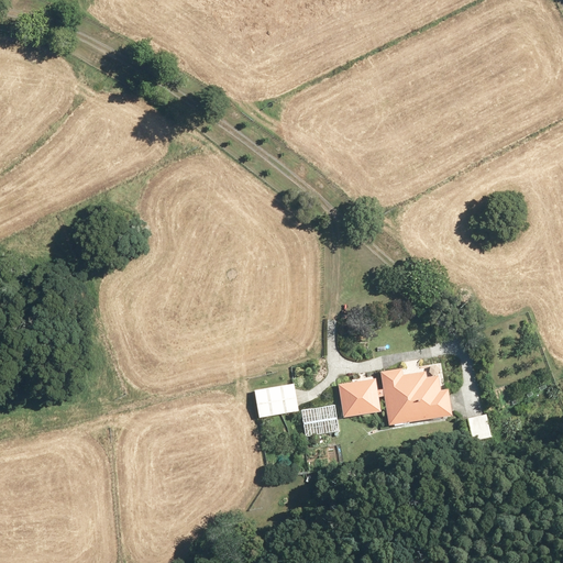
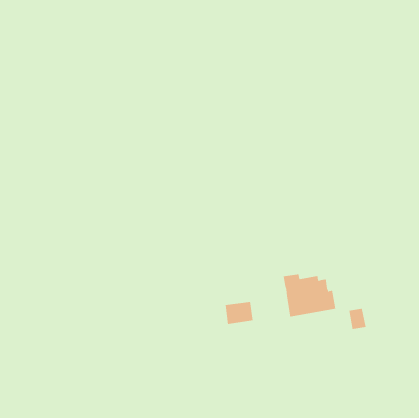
building: [336,377,384,417] -> none
building: [254,383,299,417] -> none

